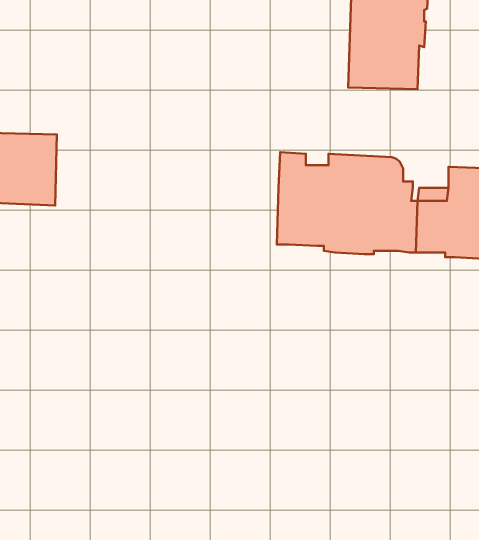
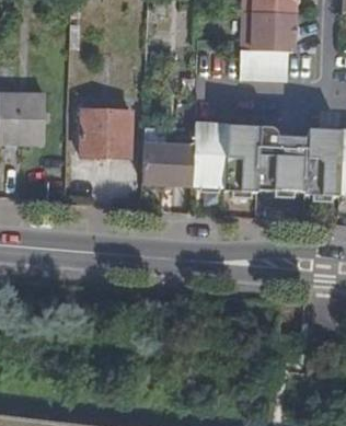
building: none -> [81,108,132,156]
building: none -> [142,143,194,184]

